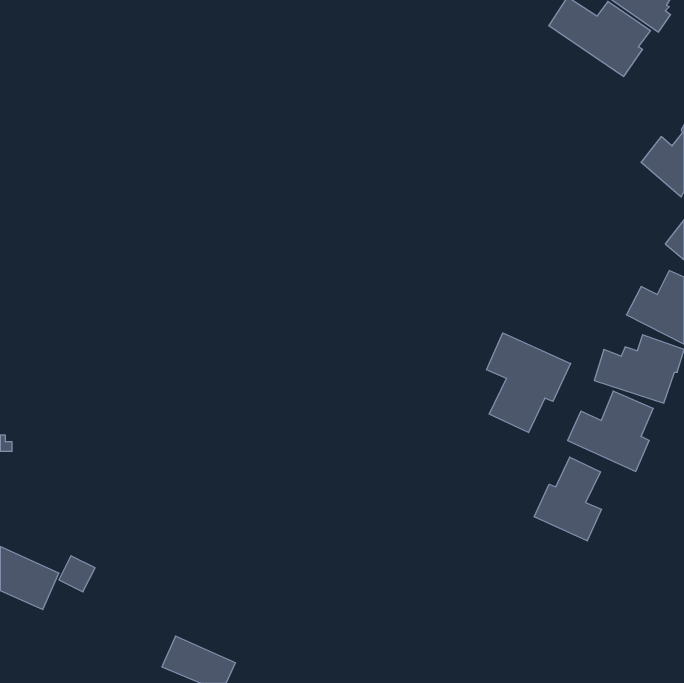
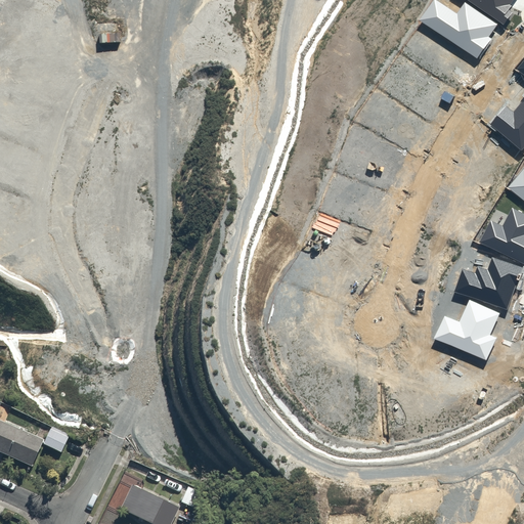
building: [486,333,571,433] -> none
building: [534,457,601,541] -> none

